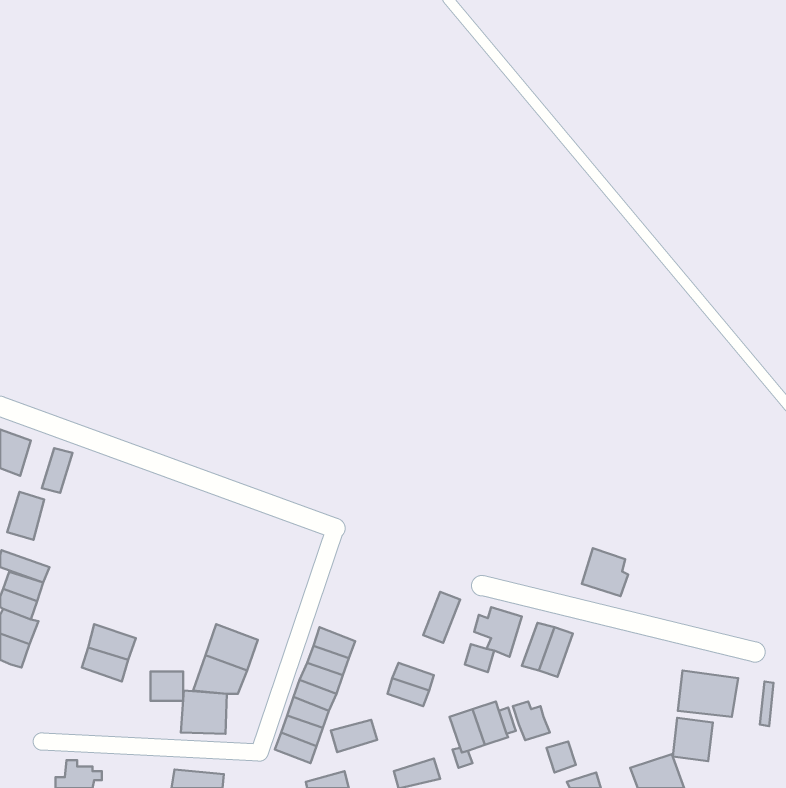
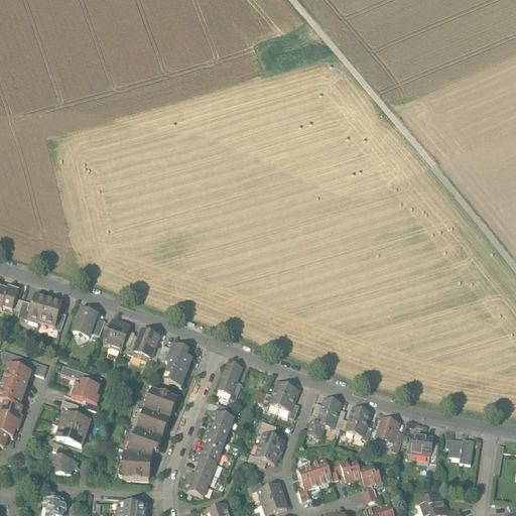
building: none -> [72,305,101,339]
building: none -> [104,314,131,348]
building: [7,492,44,540] -> [41,295,66,327]
building: none -> [131,328,161,362]
building: none -> [161,344,191,387]
building: [582,548,628,596] -> [373,415,403,446]
building: none -> [215,360,243,397]
building: none -> [71,376,106,404]
building: none -> [264,381,289,414]
building: none -> [143,385,178,417]
building: [151,671,183,701] -> [53,453,75,472]
building: none -> [357,462,381,487]
building: [673,718,713,761] -> [408,432,434,461]
building: [331,720,377,752] -> [255,482,285,503]

